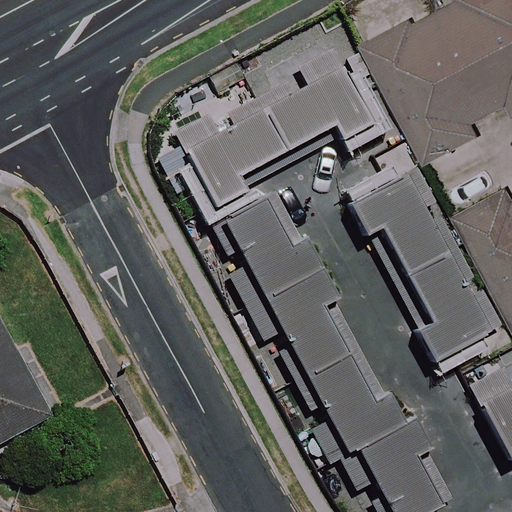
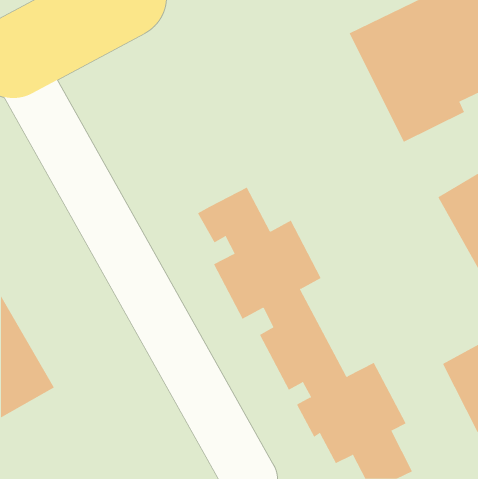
building: [171,39,373,207] -> none
building: [349,142,503,366] -> none

